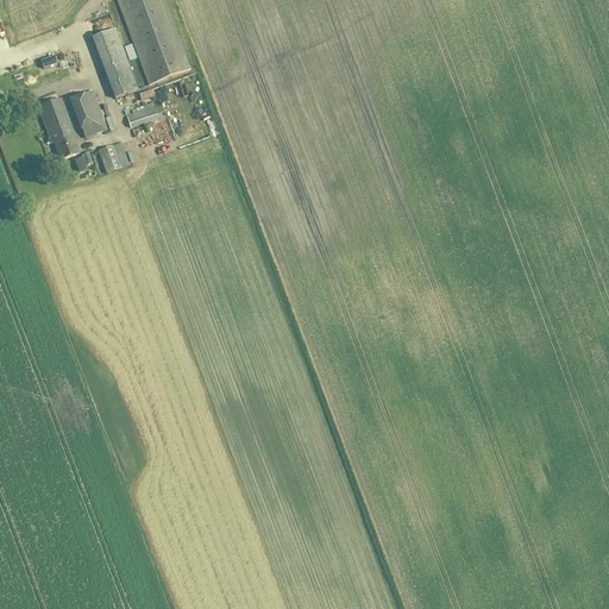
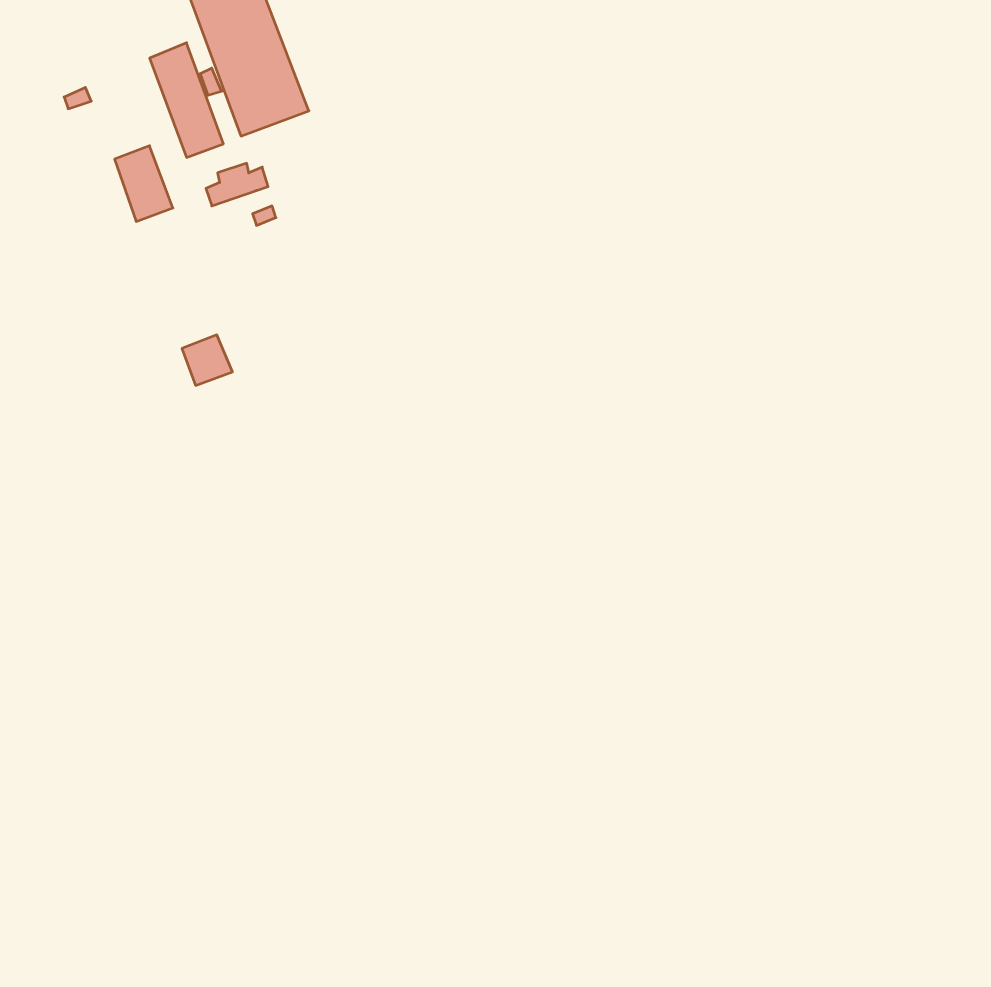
building: [37,96,79,158] -> none
building: [98,140,128,171] -> [182,335,232,385]

